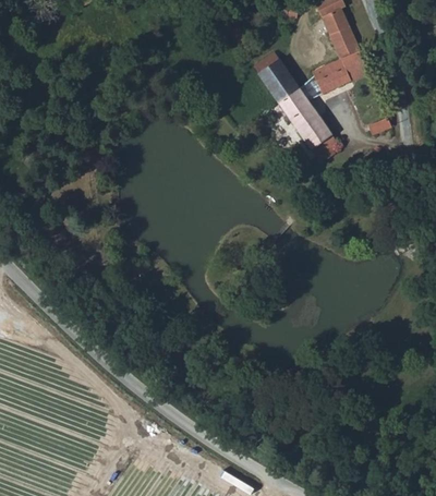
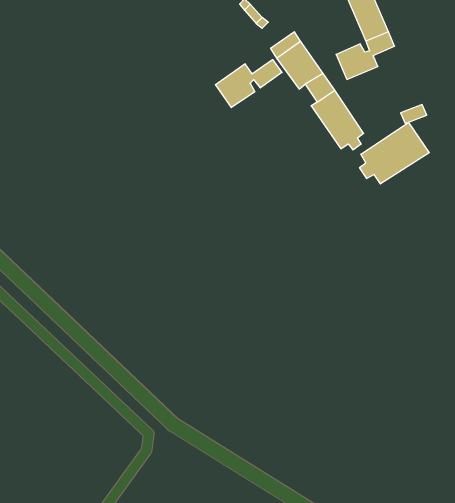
building: none -> [215,60,282,108]
building: none -> [360,122,429,184]

